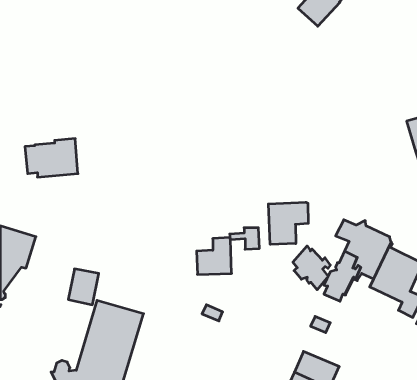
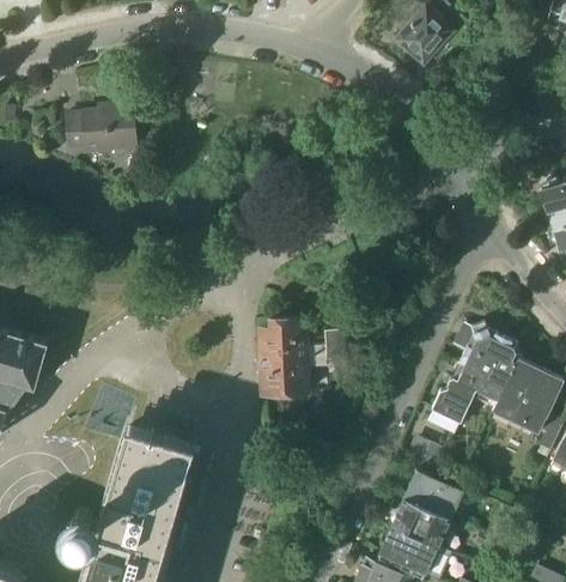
building: [25,139,78,177] -> [67,105,138,157]
building: [268,202,308,244] -> none
building: none -> [261,320,306,364]
building: [293,246,330,290] -> none
building: none -> [404,471,464,519]

